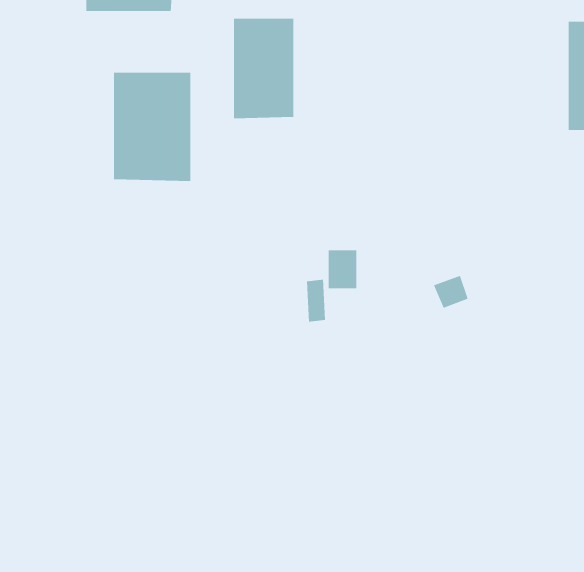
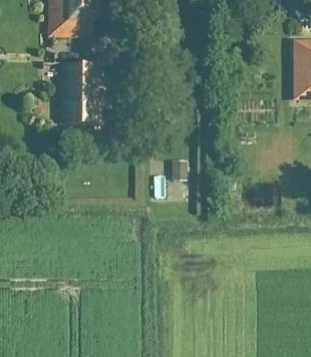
building: [234,18,294,119] -> none

